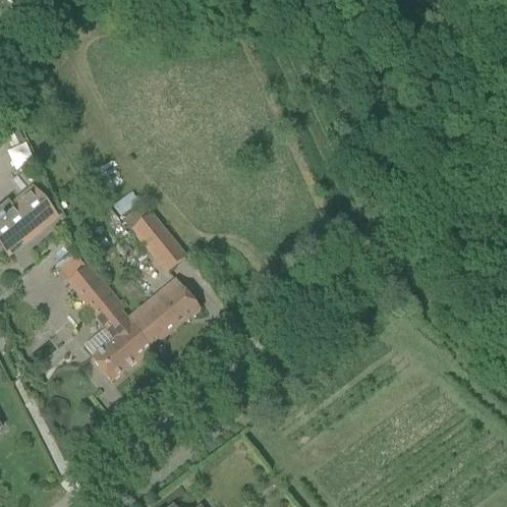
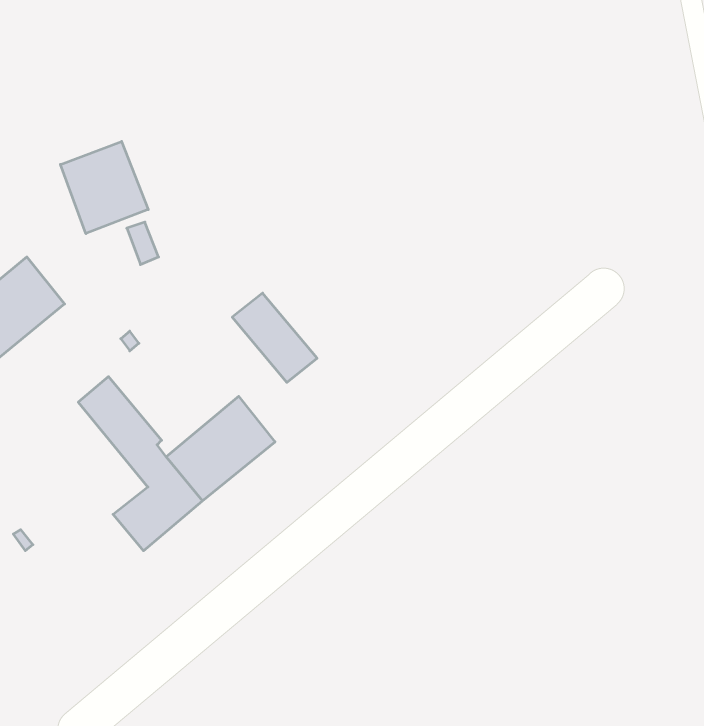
building: none -> [60,141,148,234]
building: [128,210,185,270] -> [232,293,317,382]

